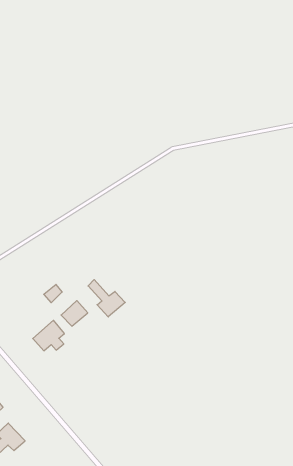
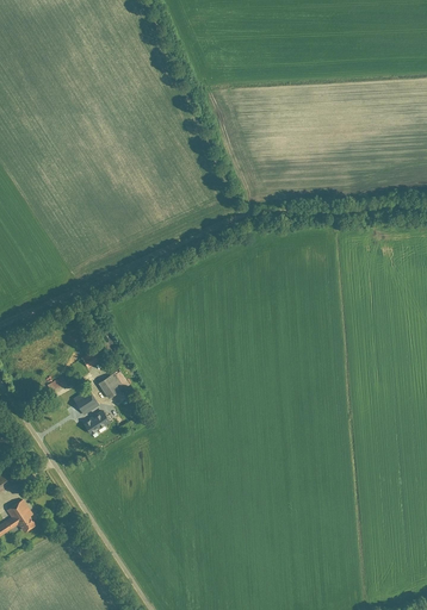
building: [88,280,125,317] -> none

